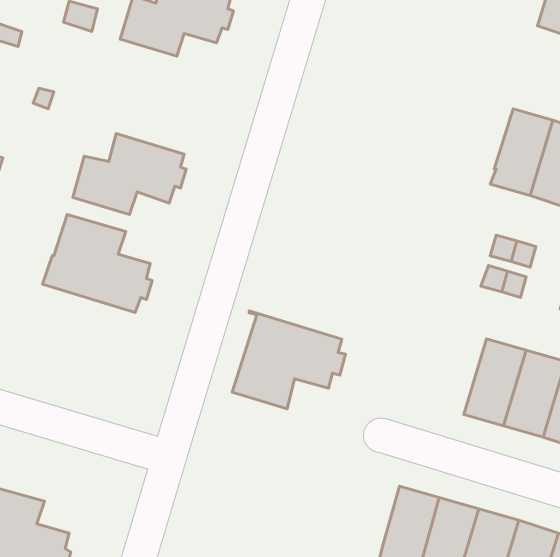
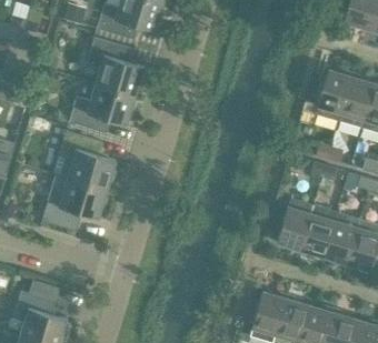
building: none -> [87,37,145,95]
building: [232,311,346,409] -> [41,172,108,230]
building: none -> [276,198,312,249]

